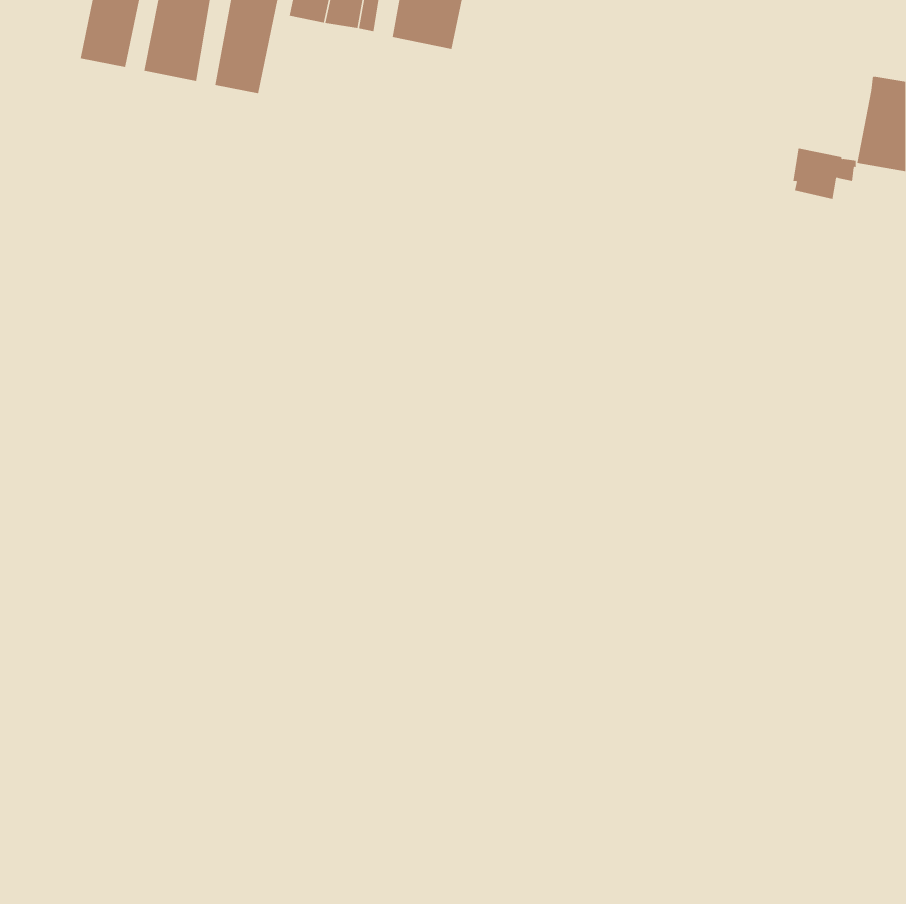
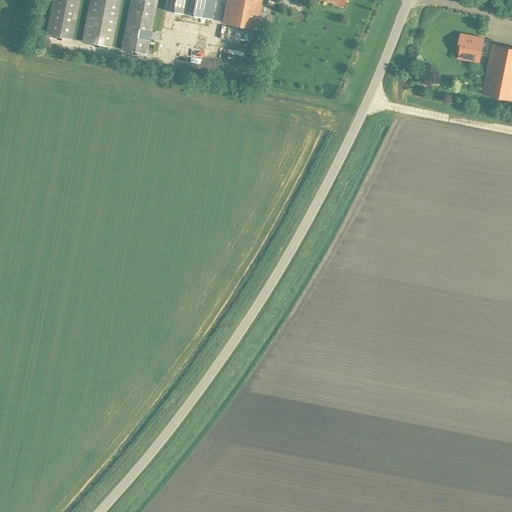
building: [793,148,856,199] -> [457,32,493,61]

